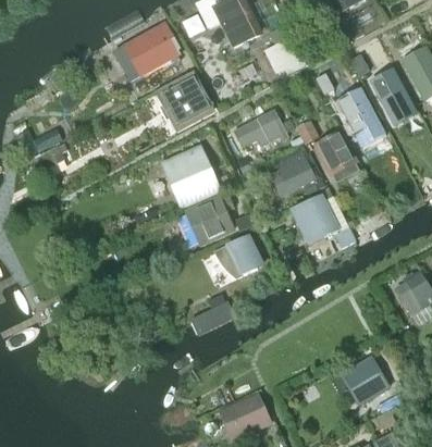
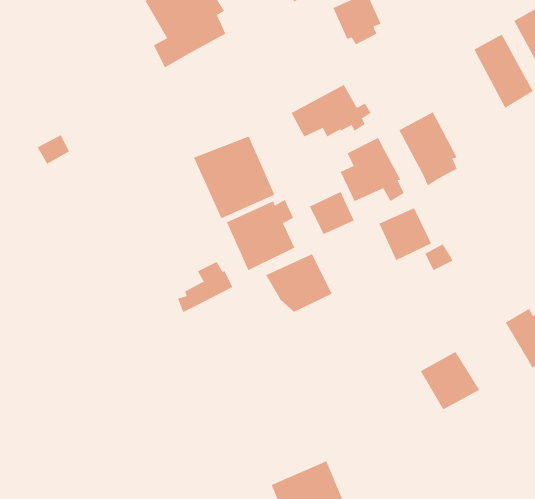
building: [153,71,214,132] -> none
building: [334,86,387,152] -> none
building: none -> [309,191,354,235]
building: [190,294,233,333] -> [177,261,233,313]
building: [341,359,386,403] -> [420,351,480,410]

